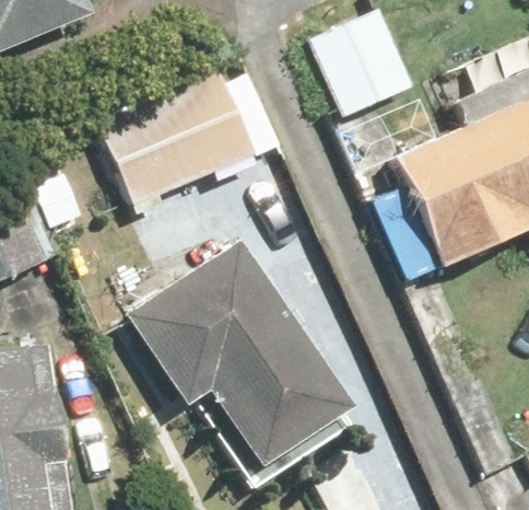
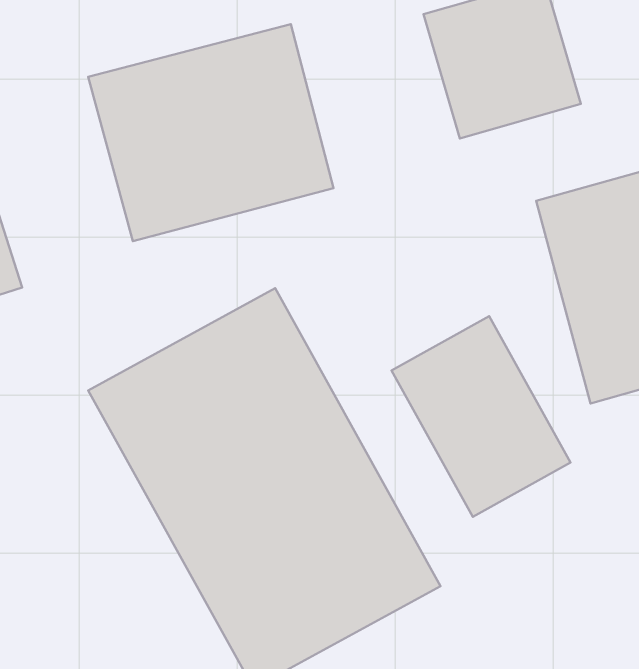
building: none -> [392,316,570,517]

